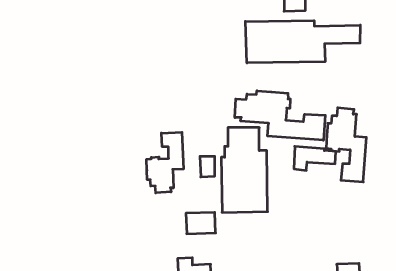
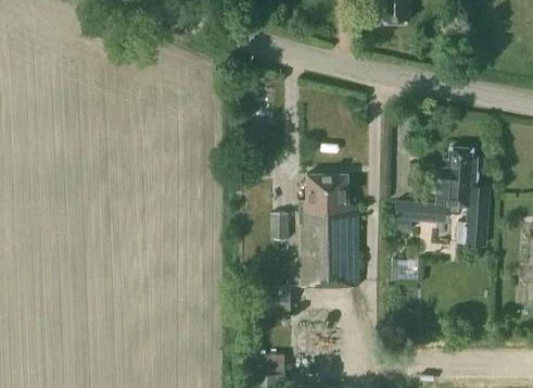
building: [245,21,360,63] -> none
building: [235,91,325,140] -> none
building: [147,132,183,193] -> none

